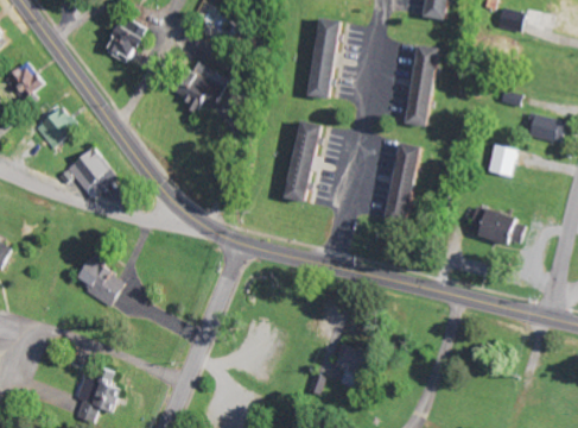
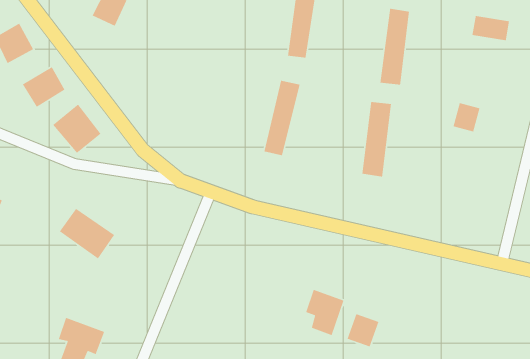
building: [173,62,226,112] -> none
building: [519,114,559,141] -> [472,15,510,41]
building: [462,204,520,246] -> none
building: none -> [347,313,379,347]

